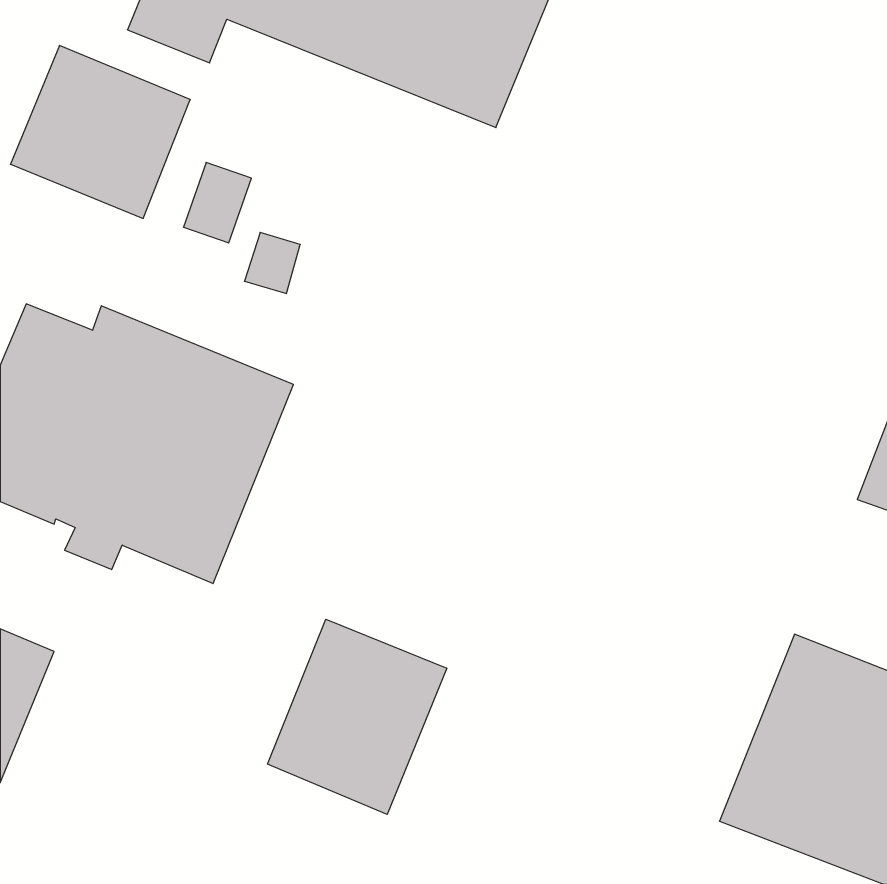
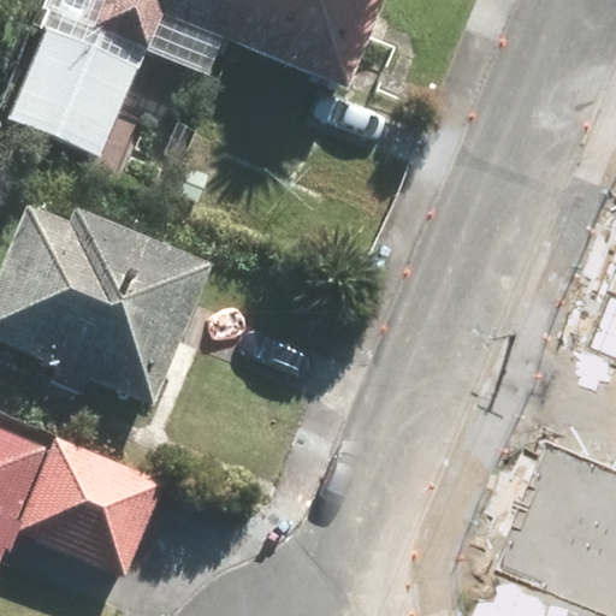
building: [268,619,447,814] -> none
building: none -> [17,437,162,575]

